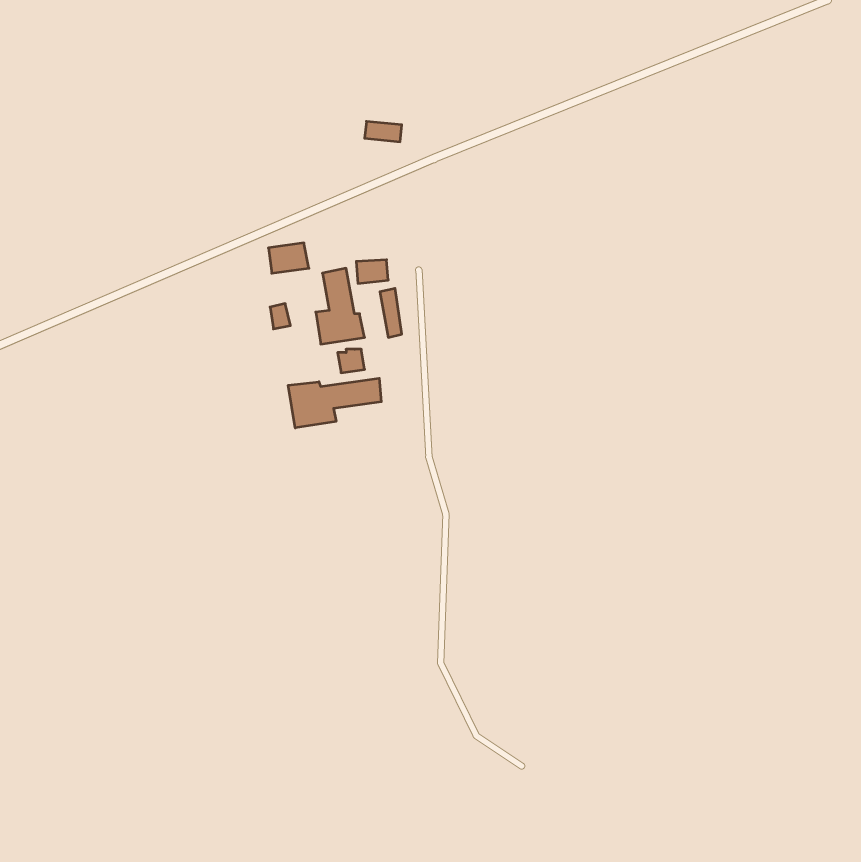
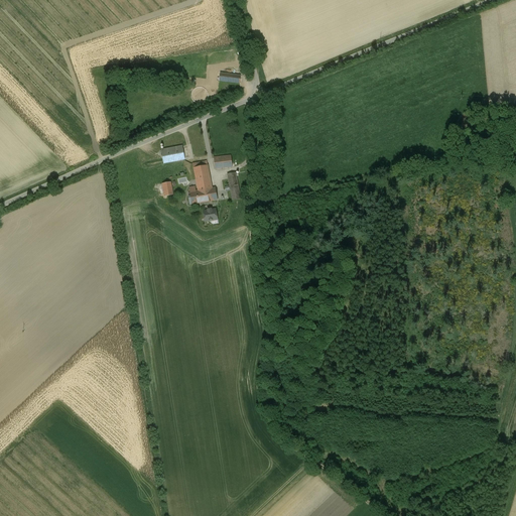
building: [288,378,381,428] -> none

